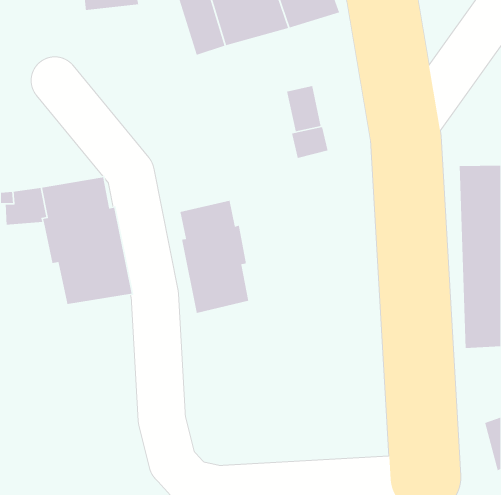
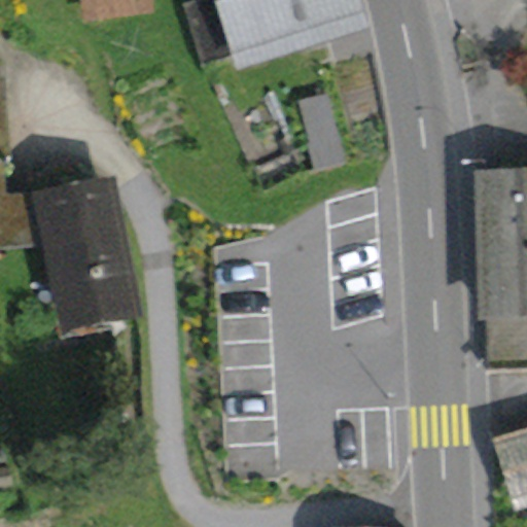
building: [179,200,249,314] -> none

